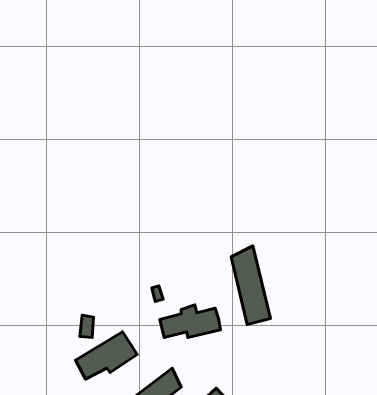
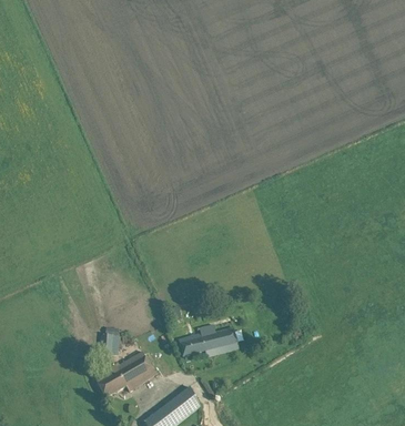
building: [231,246,271,324] -> none

